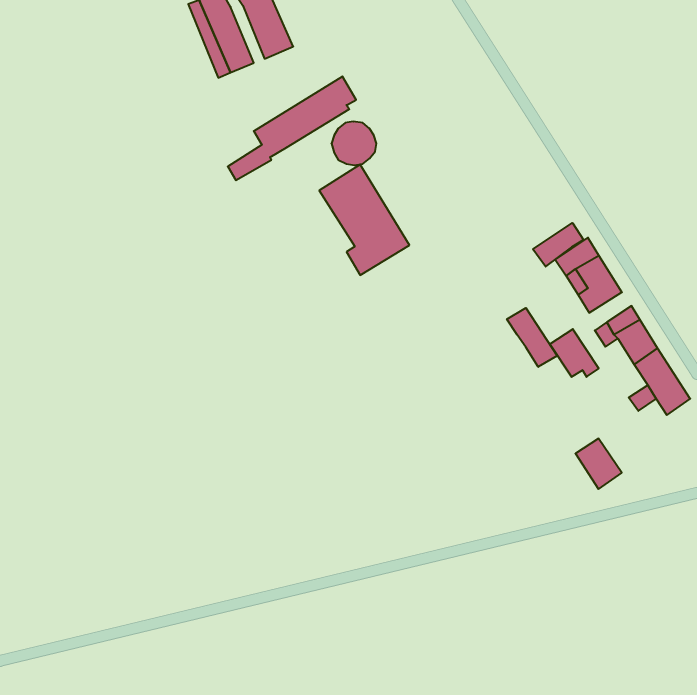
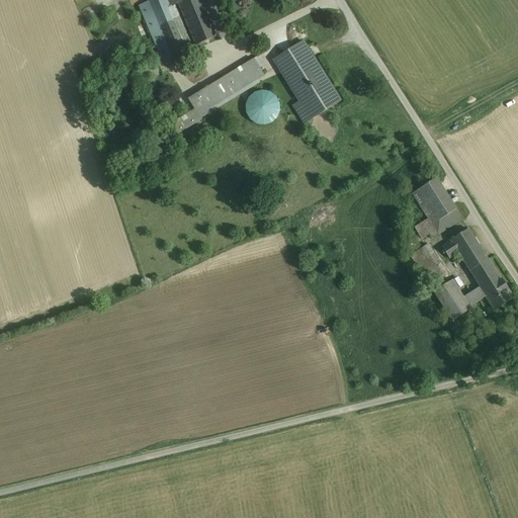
building: [319,164,409,275] -> [273,39,340,121]
building: [533,223,584,267] -> none
building: [507,308,557,367] -> none
building: [575,439,622,489] -> [434,282,468,320]

